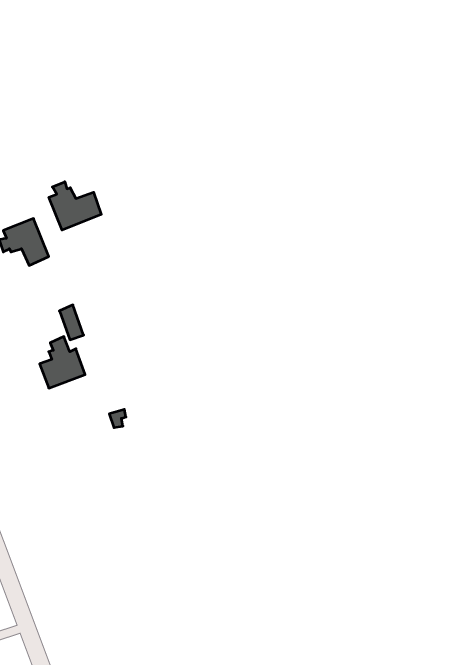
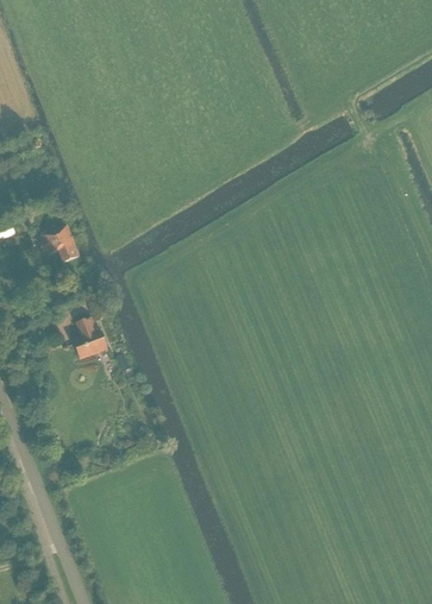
building: [49,182,101,230] -> none

